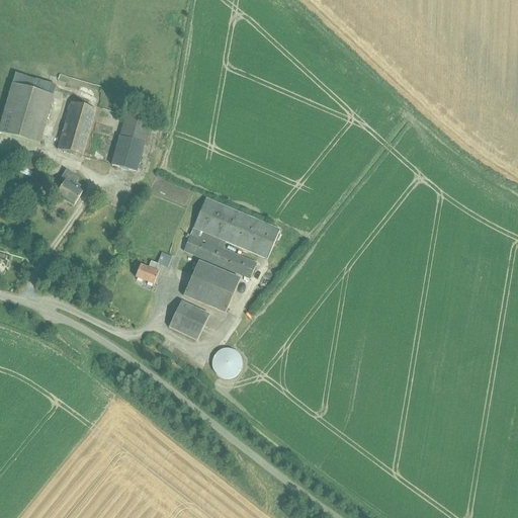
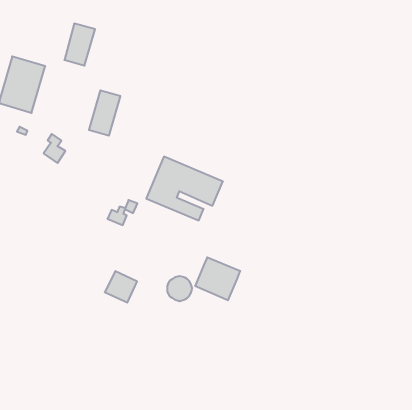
building: [58,101,96,154] -> [64,24,95,66]
building: [183,259,240,313] -> [195,257,240,300]
building: [168,300,208,340] -> [105,271,137,303]

